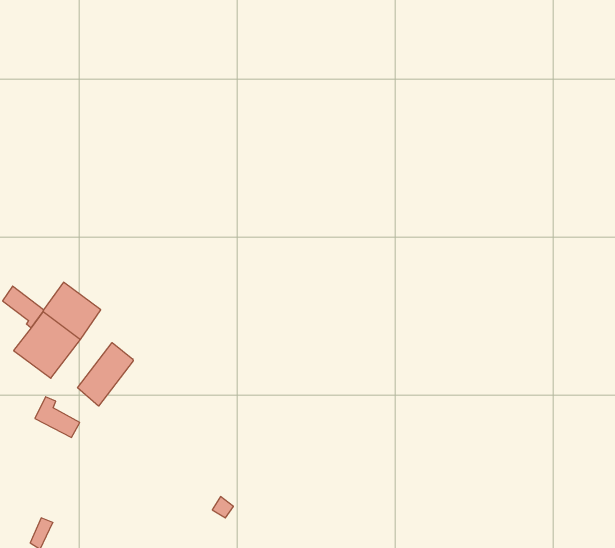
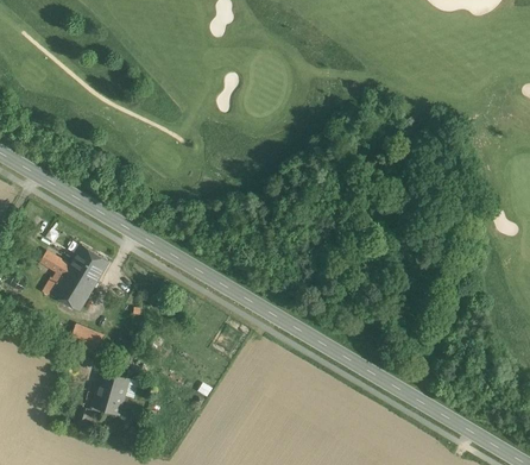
building: [78,343,133,406] -> none
building: none -> [92,371,128,415]

